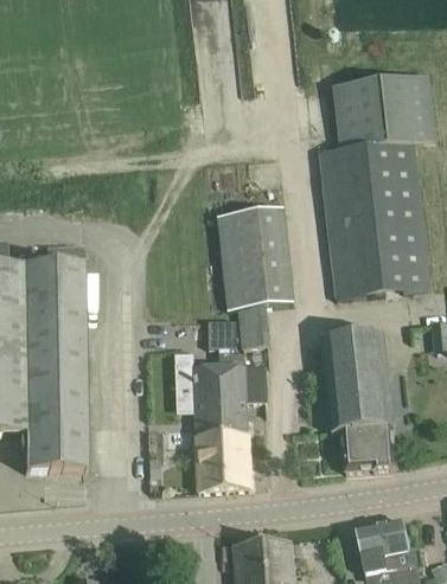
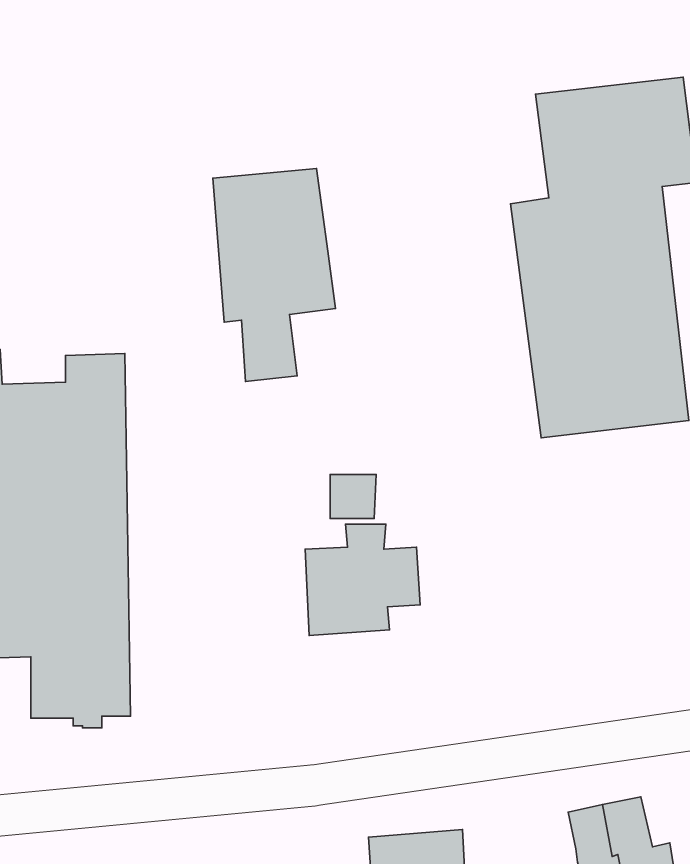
building: [221,213,296,345] -> [213,169,336,382]
building: [321,329,395,470] -> none
building: [196,415,250,490] -> none

